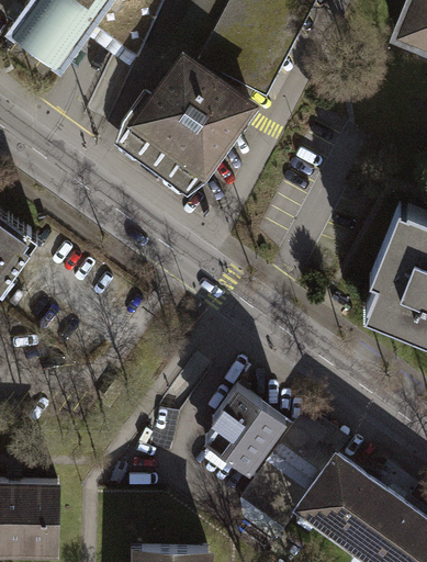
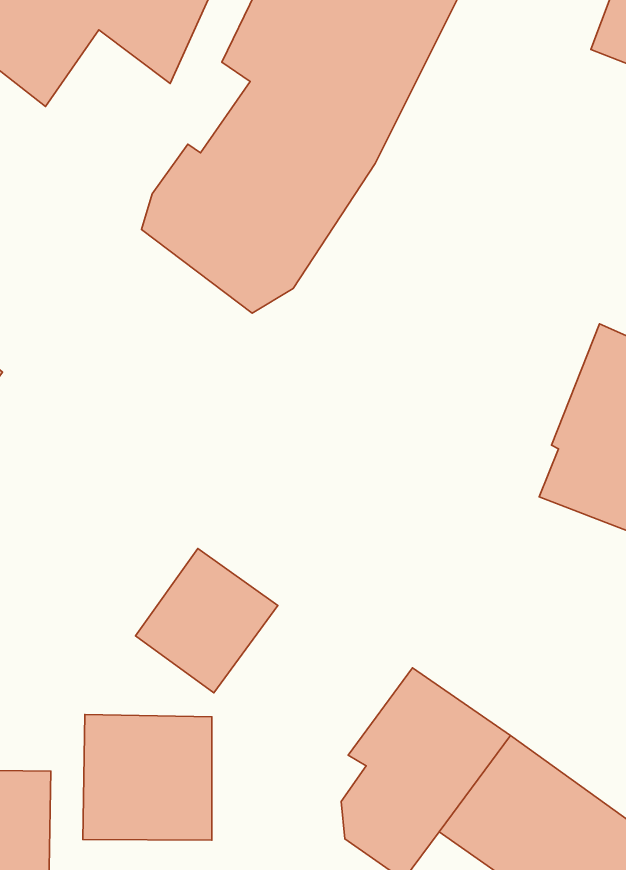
building: [198,384,285,473] -> [135,548,278,693]
building: none -> [83,714,212,840]

